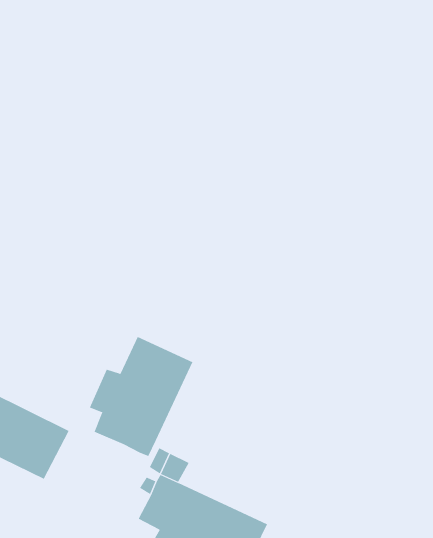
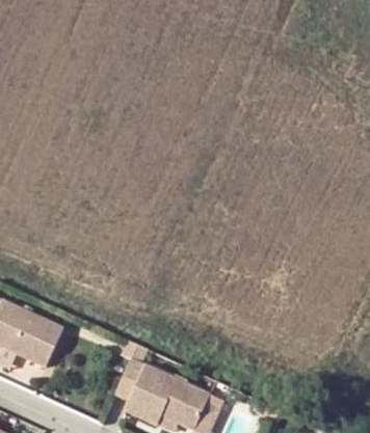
building: [89,336,193,457] -> none

